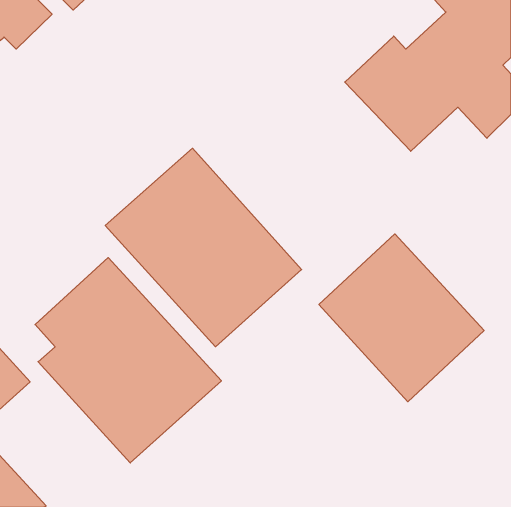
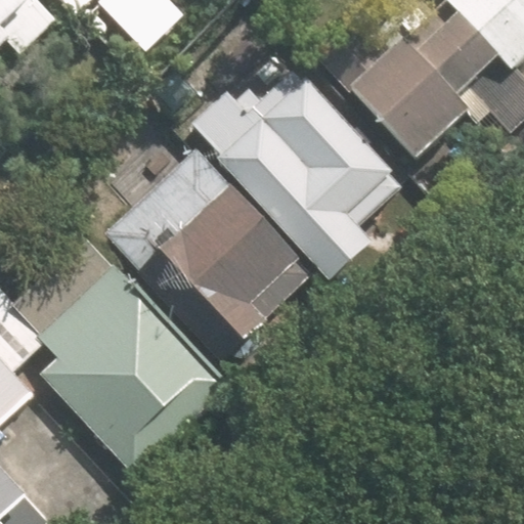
building: none -> [218,75,391,276]
building: [319,234,484,402] -> none

